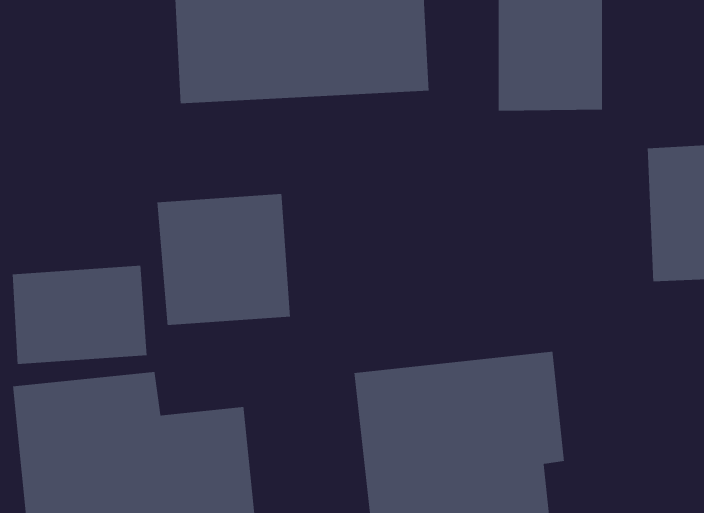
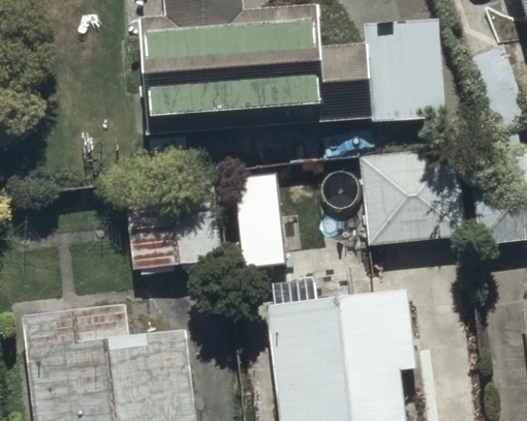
building: none -> [361,152,457,246]
building: [12,265,147,365] -> none

